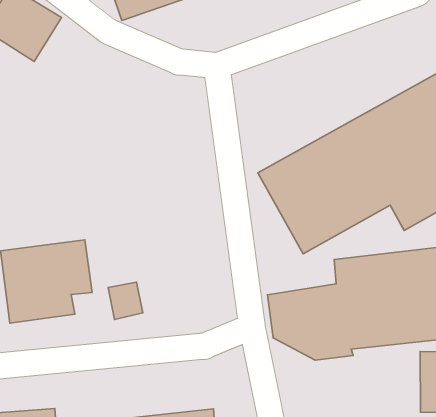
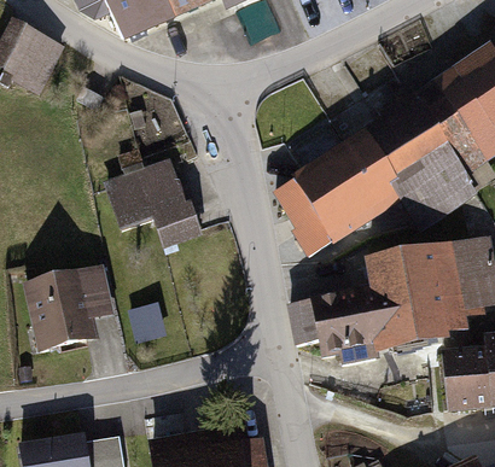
building: none -> [100,153,202,244]

